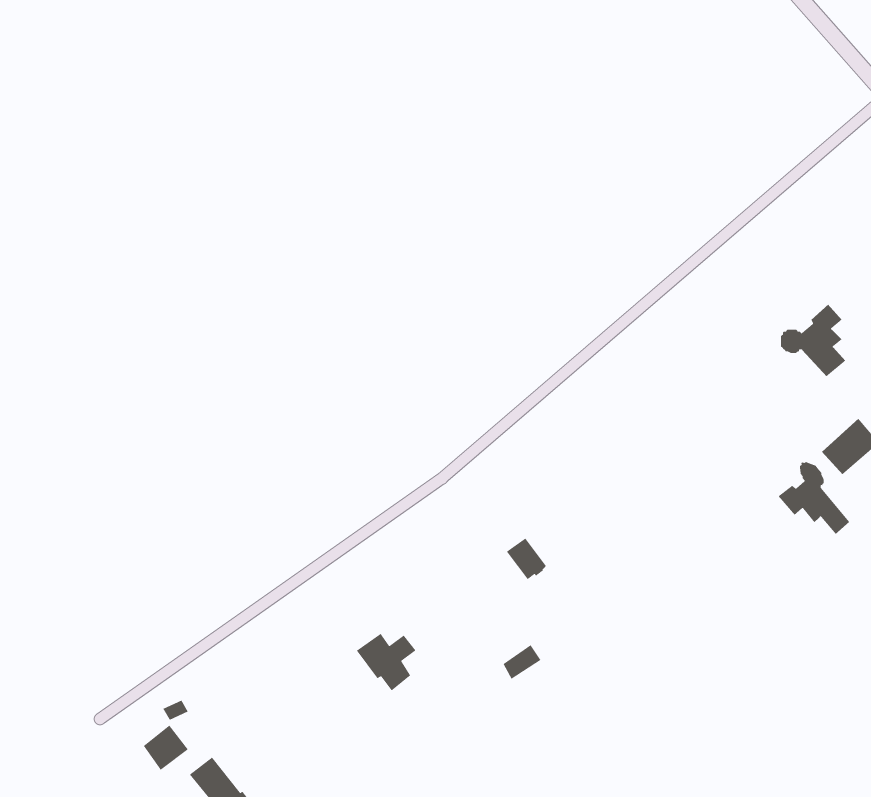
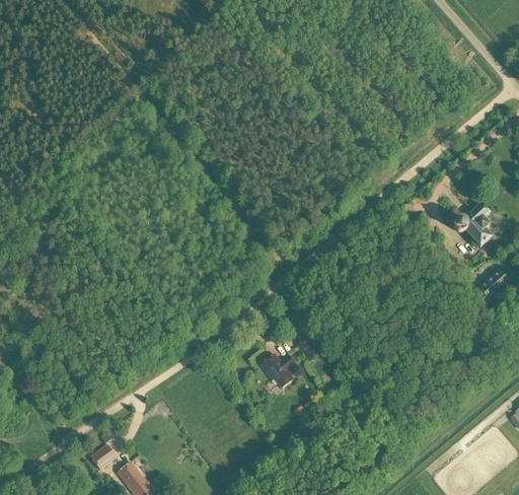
building: [778,461,850,535] -> none
building: [356,633,416,692] -> [261,354,295,387]

